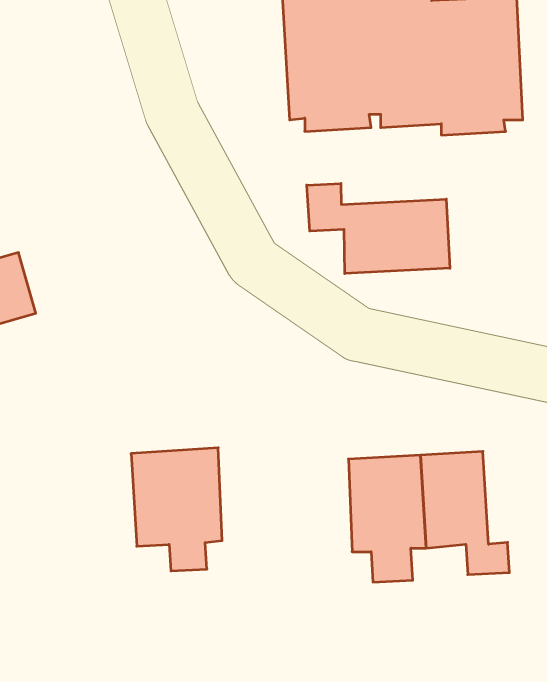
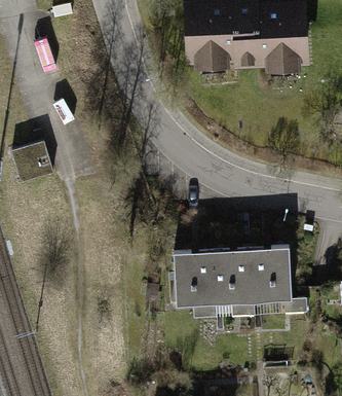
building: [307,183,450,274] -> none
building: [131,448,222,571] -> [172,251,221,318]

